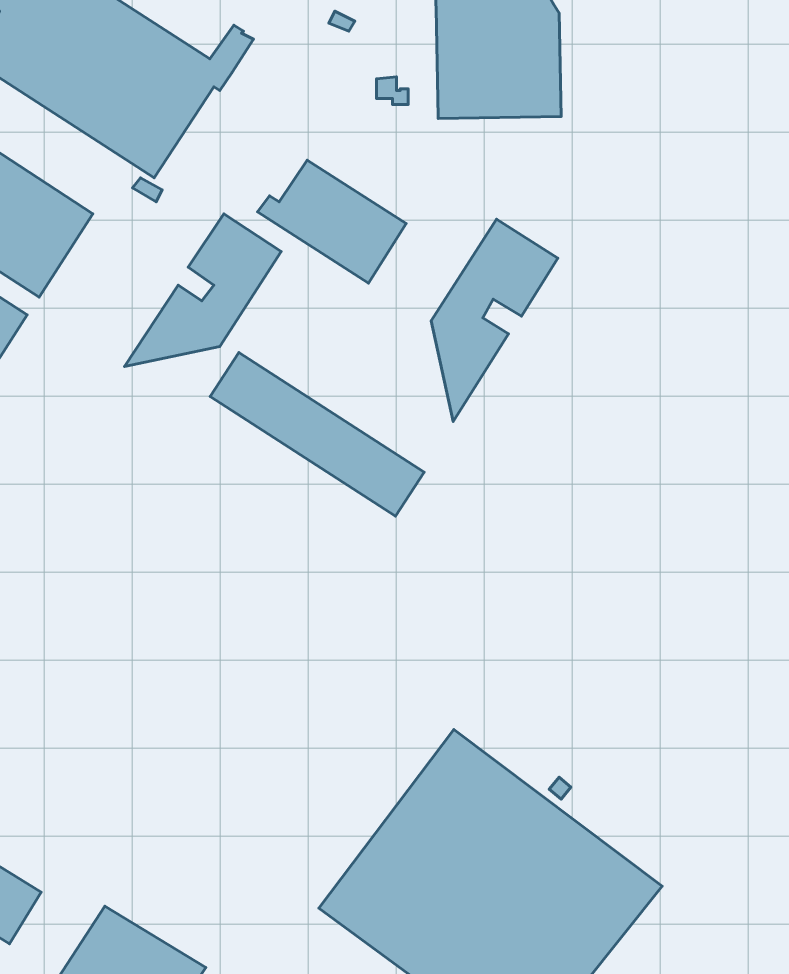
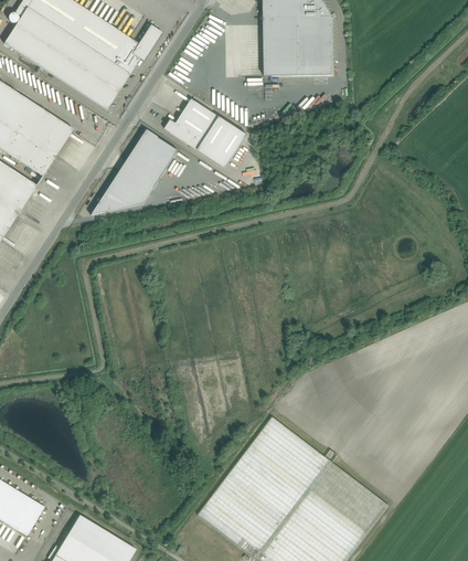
building: [431,219,558,421] -> none
building: [210,352,424,516] -> none

